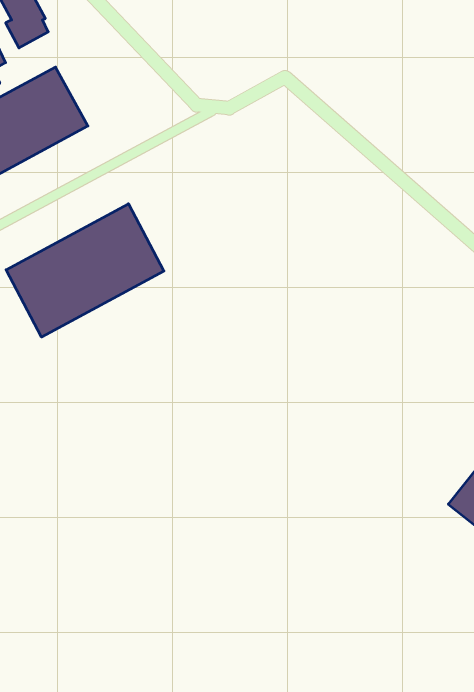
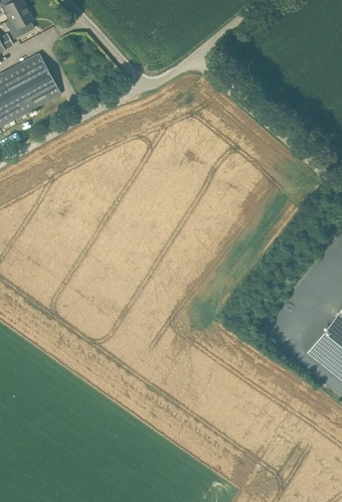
building: [6,204,164,337] -> none

